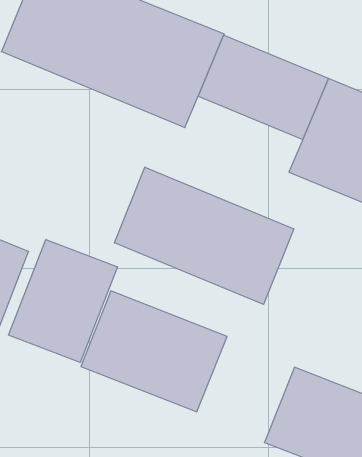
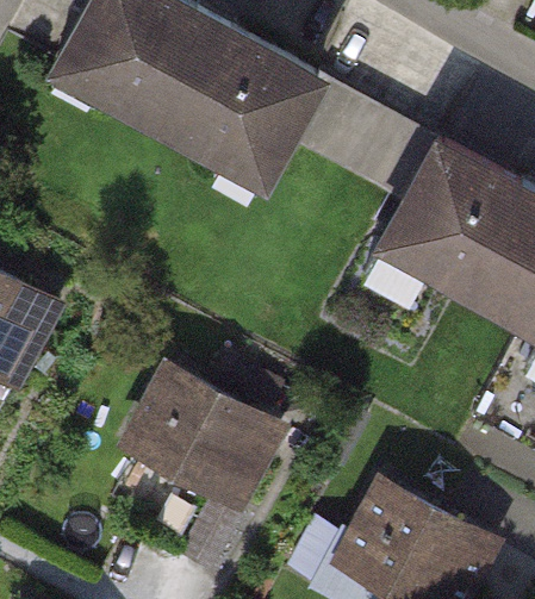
building: [114,167,294,304] -> none
building: [9,239,117,362] -> none

